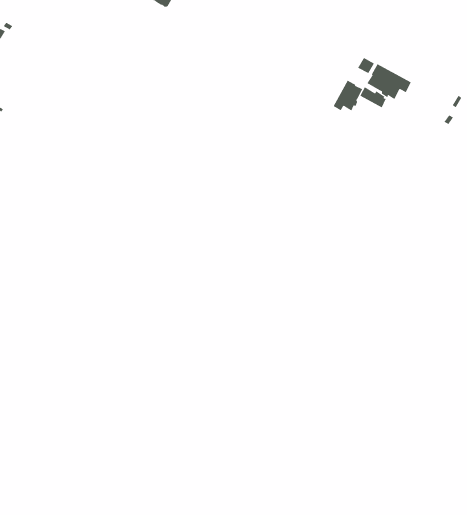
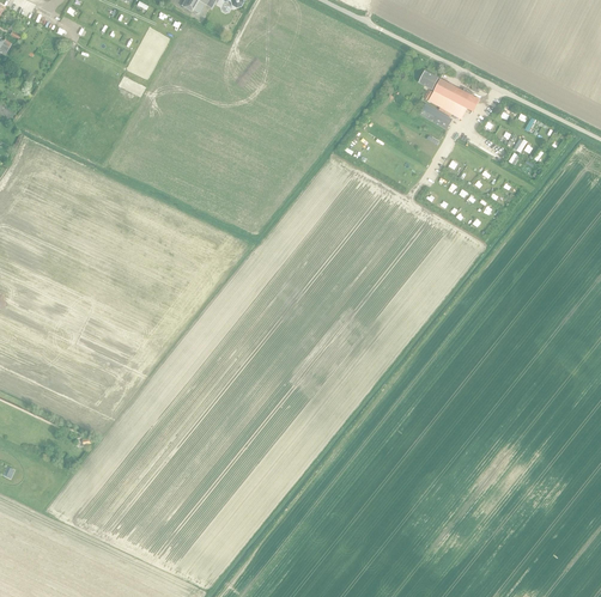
building: [333,80,363,111] -> none

